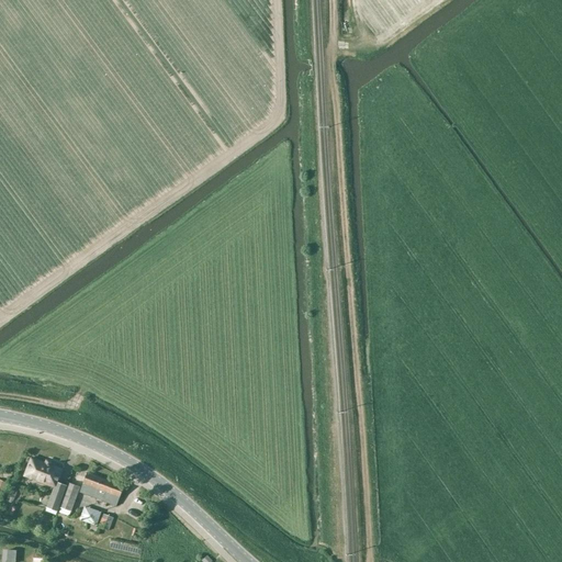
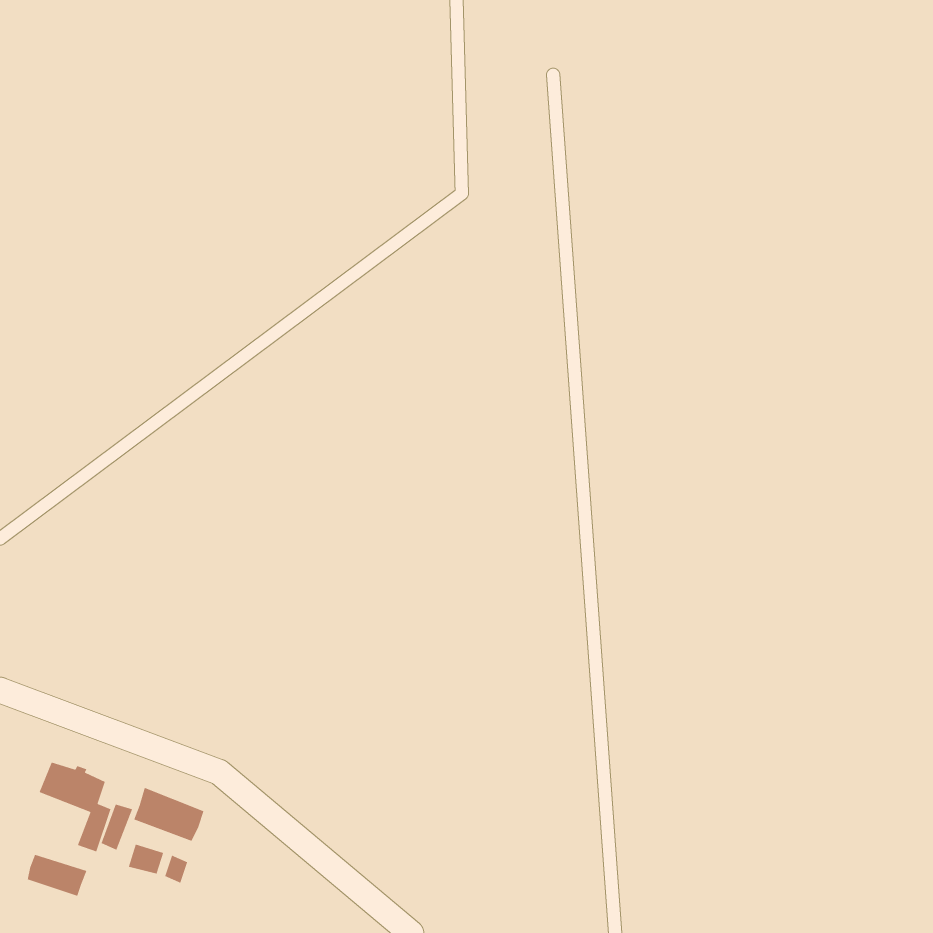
building: none -> [27,854,88,897]

